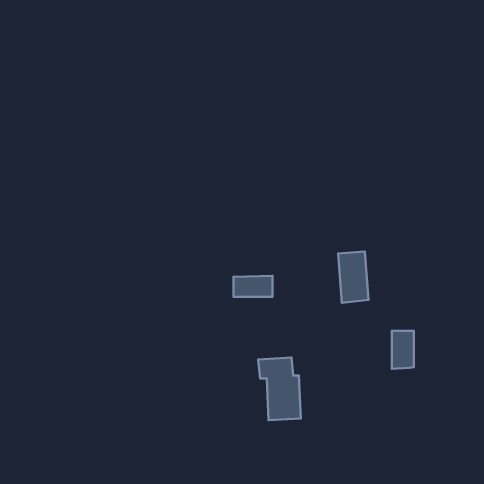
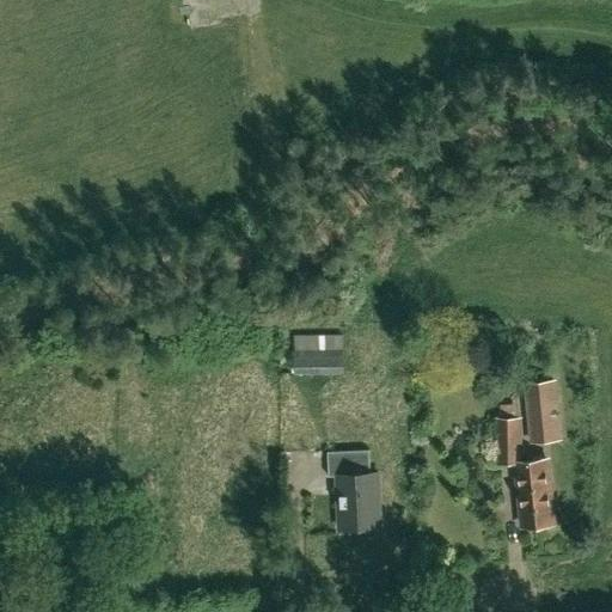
building: [338,251,368,303] -> [522,380,561,445]
building: none -> [518,460,551,527]

